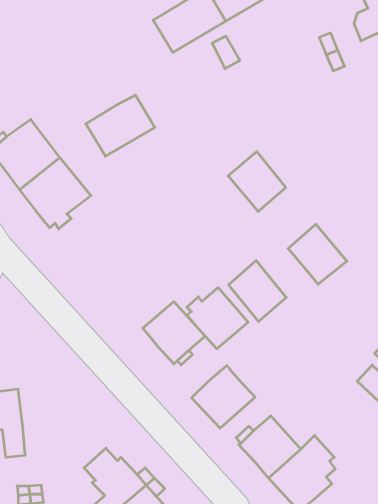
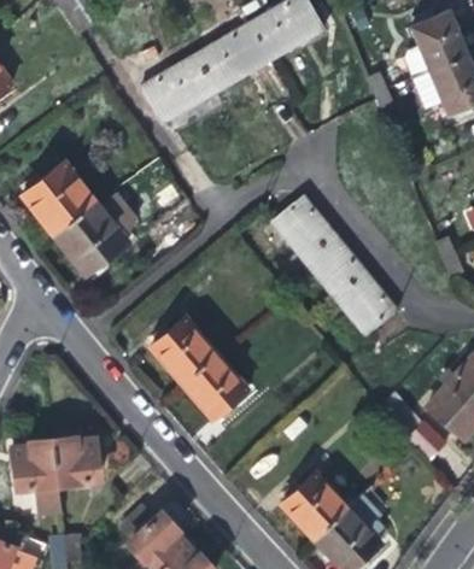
building: [86,95,155,156] -> [142,59,215,123]
building: [229,261,286,322] -> [304,234,364,298]
building: [187,288,248,349] -> [152,317,216,381]
building: [192,366,255,428] -> none
building: none -> [53,440,99,485]

